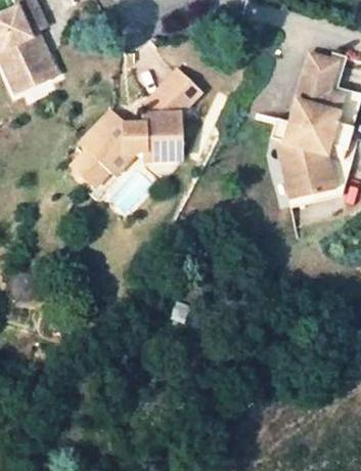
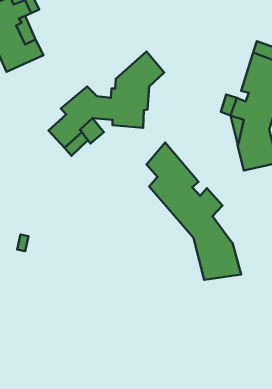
building: none -> [146,143,241,280]

